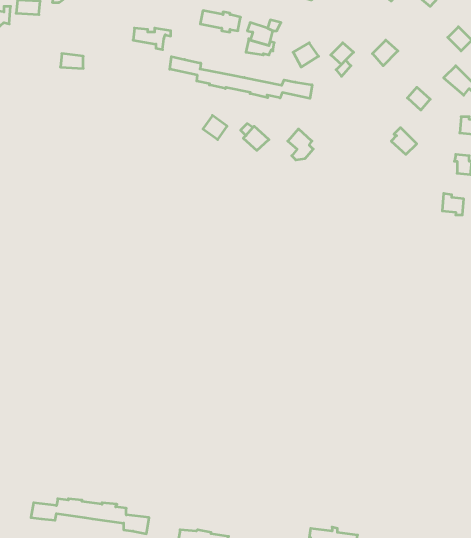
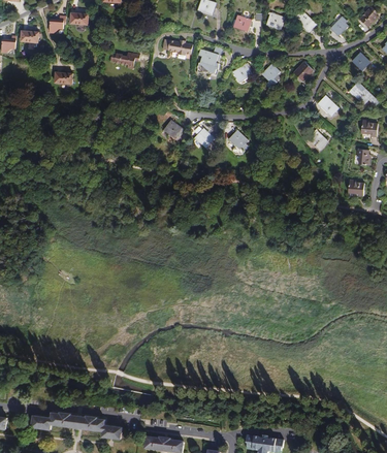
building: [170,57,312,98] -> none

